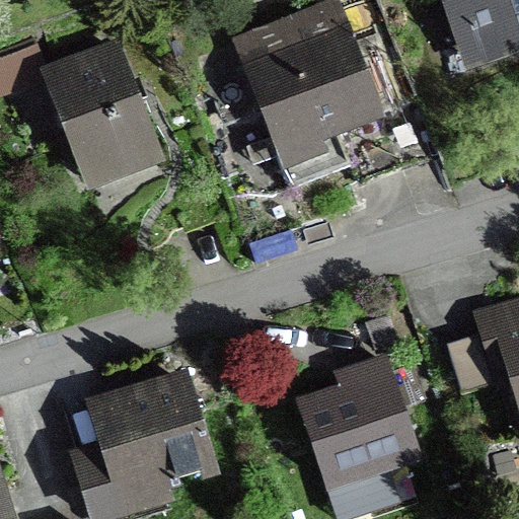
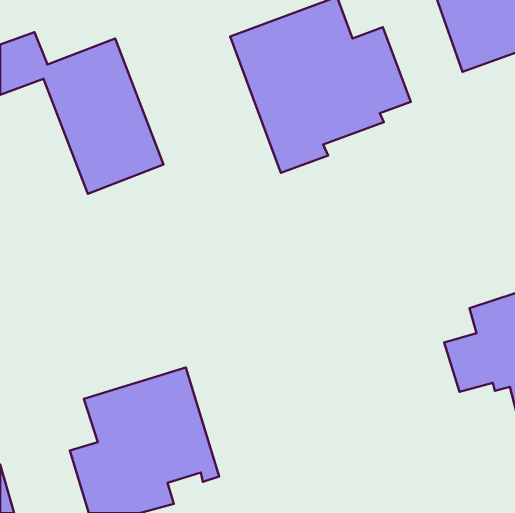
building: [297,312,428,498] -> none

